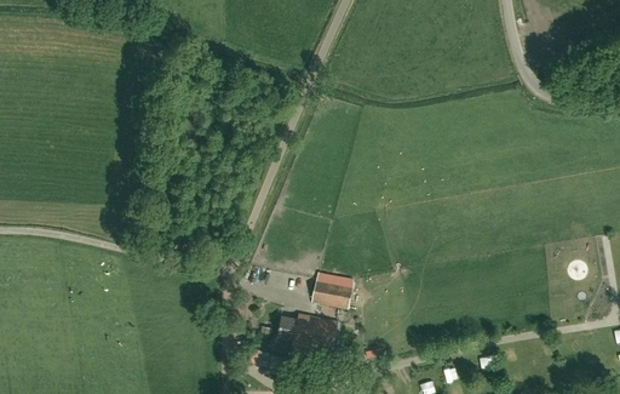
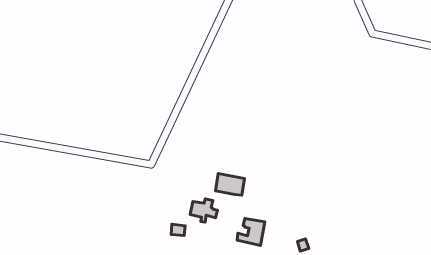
building: [298,315,337,353] -> [237,218,265,245]

